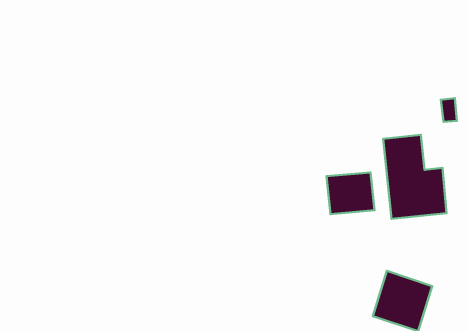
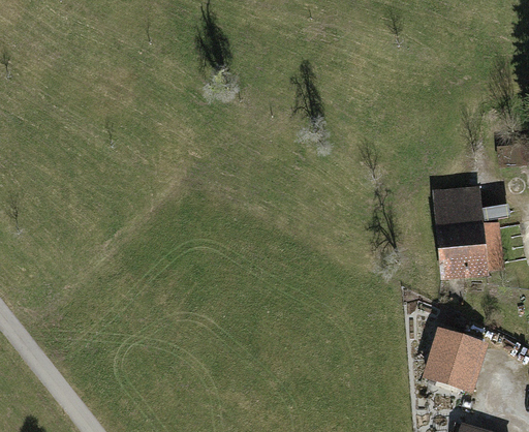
building: [327,172,374,214] -> none

